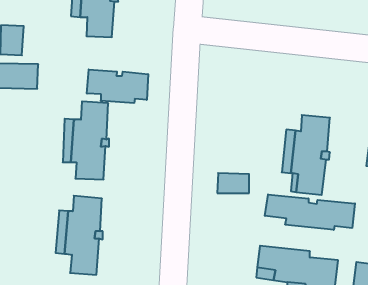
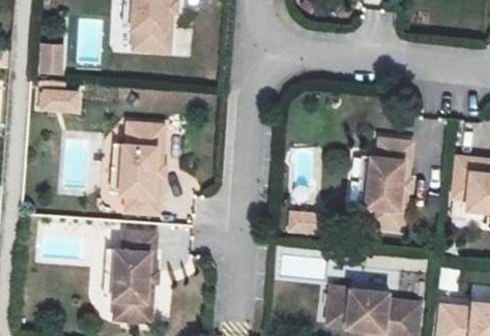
building: [87,69,148,103] -> none
building: [265,194,355,230] -> none

